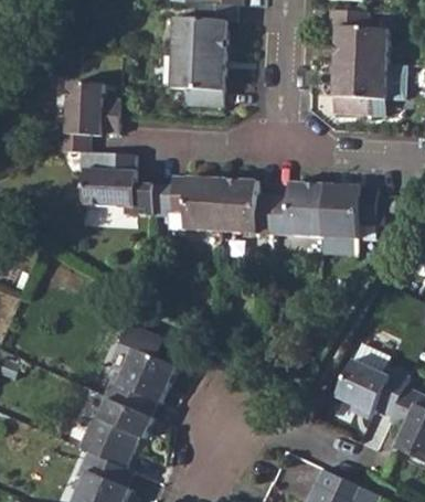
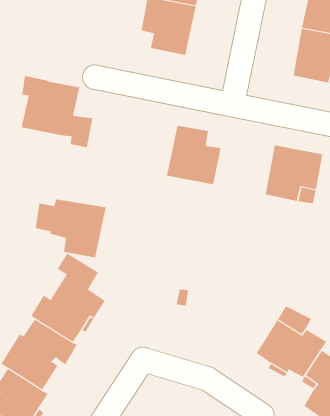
building: [59,79,120,152] -> none
building: [152,177,222,231] -> [35,199,107,258]
building: [268,181,323,235] -> none

